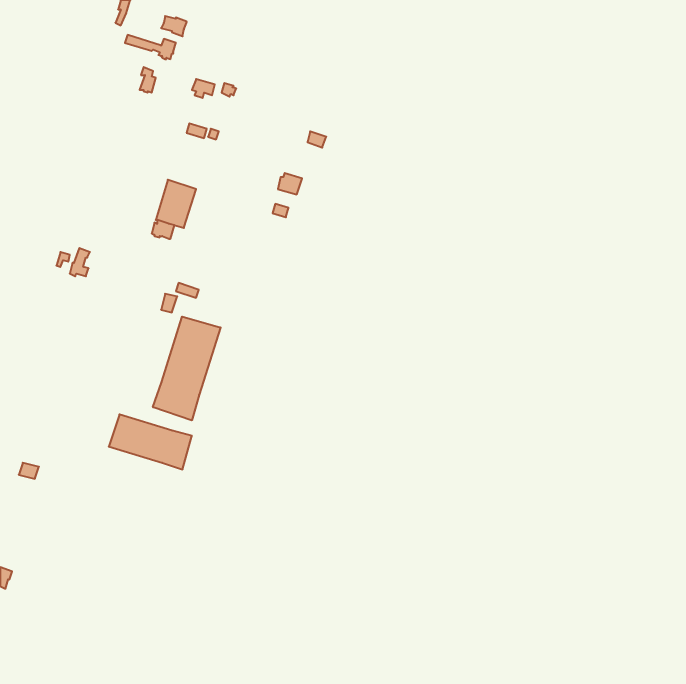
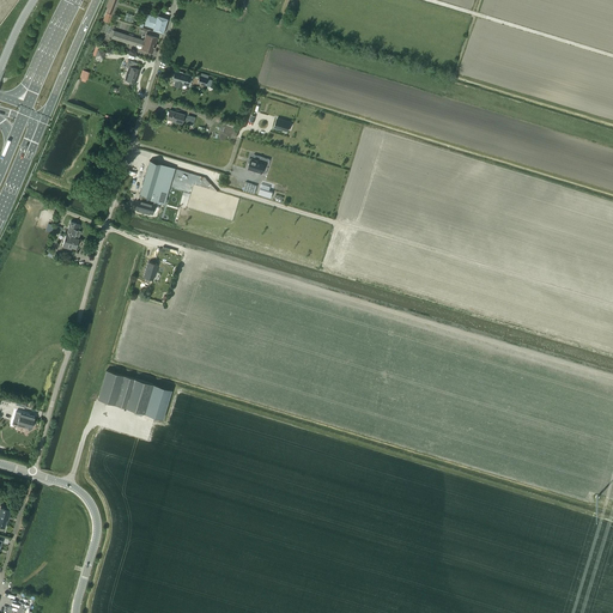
building: [153,317,221,420] -> none

